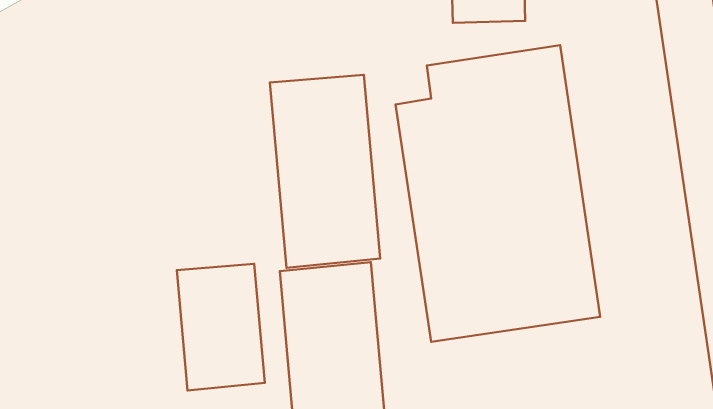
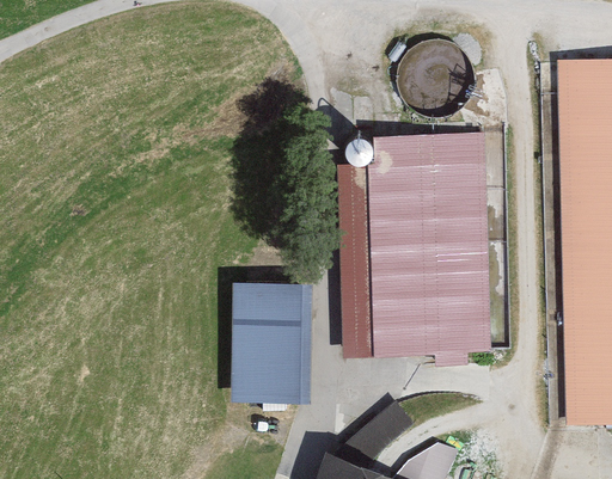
building: [270,75,380,268] -> none
building: [177,264,265,390] -> none

